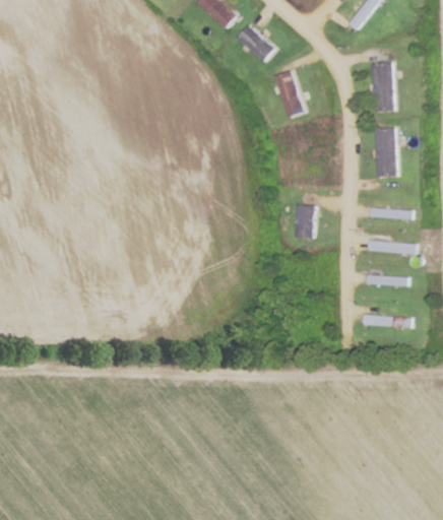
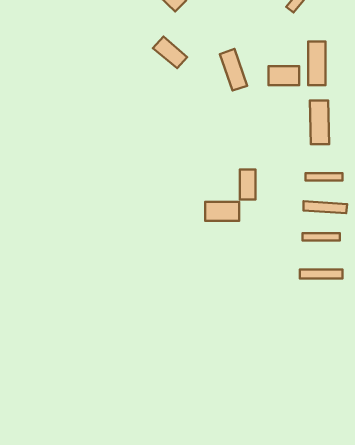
building: [235,24,273,60] -> [153,36,187,68]
building: none -> [269,66,299,85]
building: none -> [205,202,239,221]

